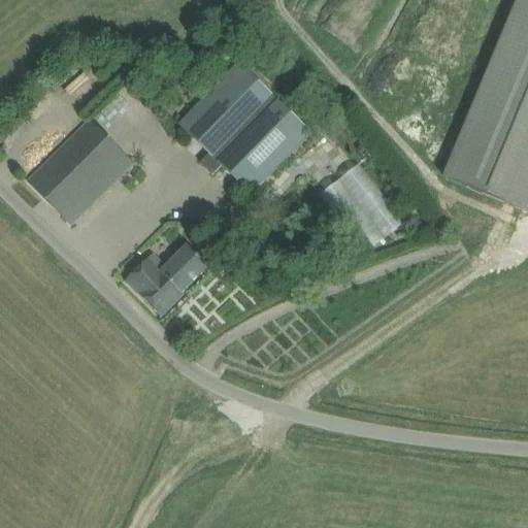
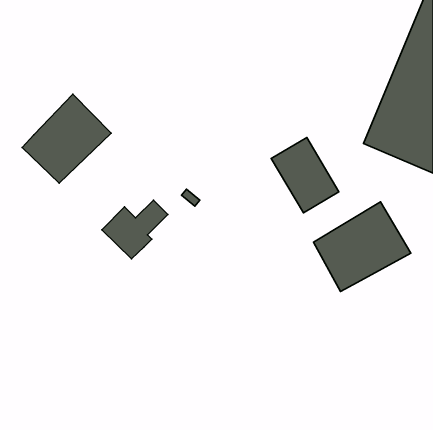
building: [176,58,311,193] -> none
building: none -> [314,202,411,292]

